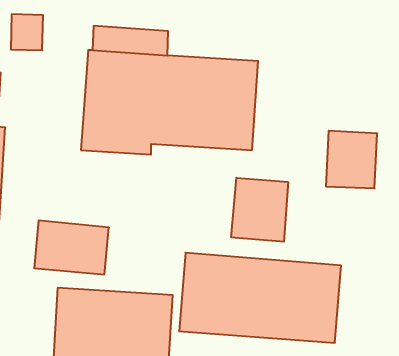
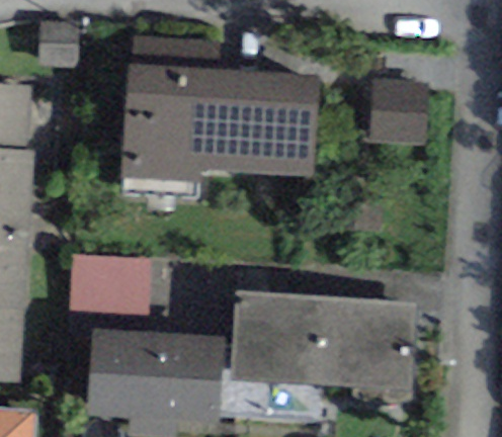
building: [326,131,377,188] -> [369,80,427,145]
building: [231,178,288,242] -> none

